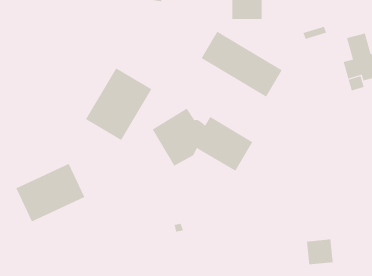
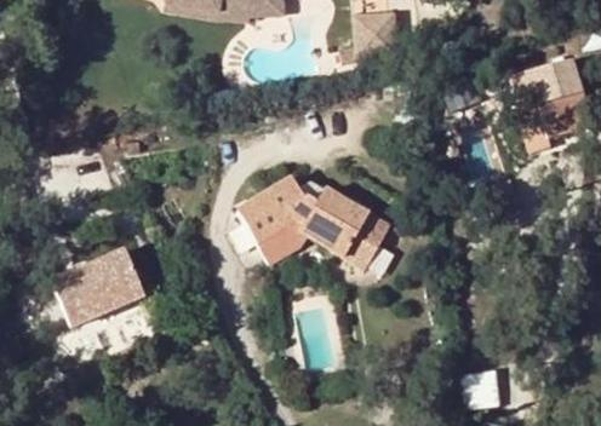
building: [201,31,283,97] -> none
building: [85,68,152,141] -> none

